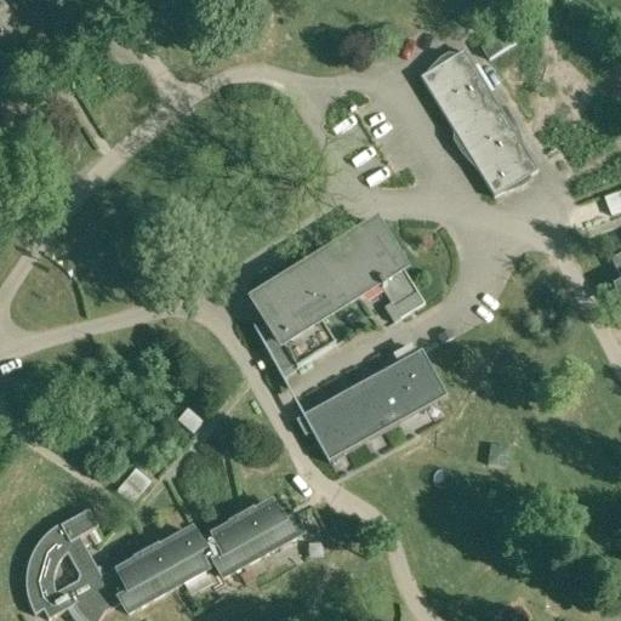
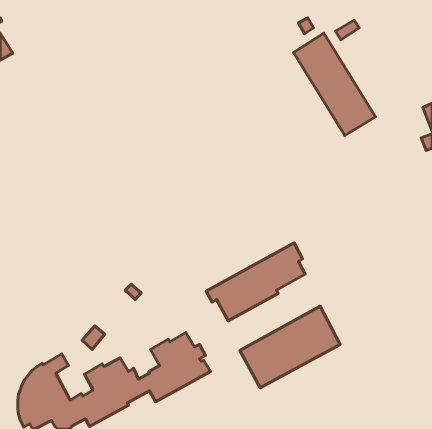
building: [255,222,425,372] -> none
building: none -> [240,306,340,388]

